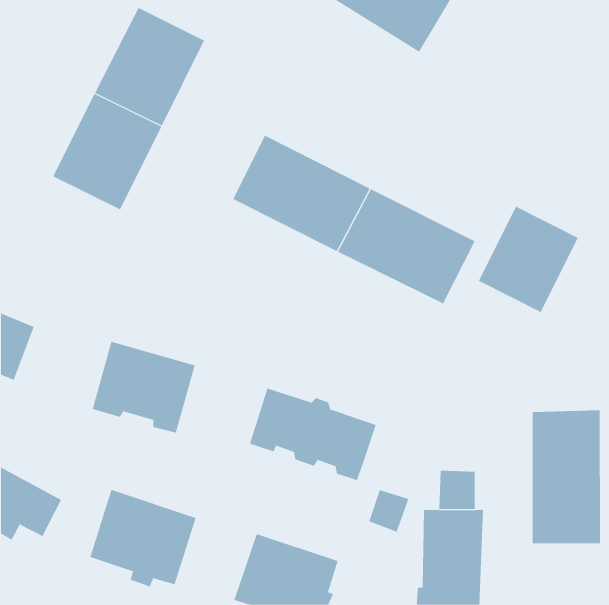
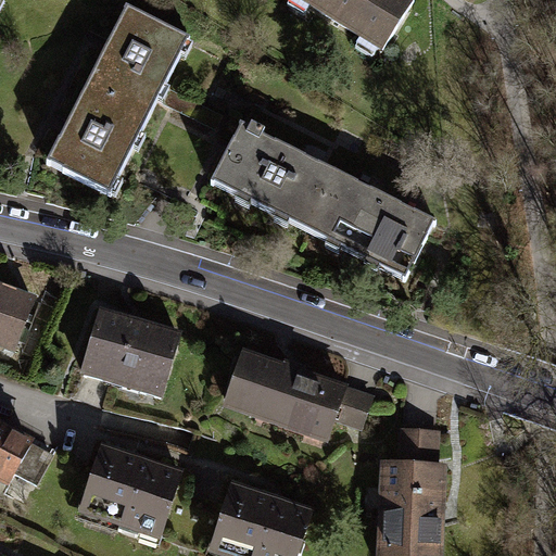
building: [478,206,578,313] -> none
building: [532,410,601,544] -> none
building: [369,489,409,532] -> [333,387,370,426]

